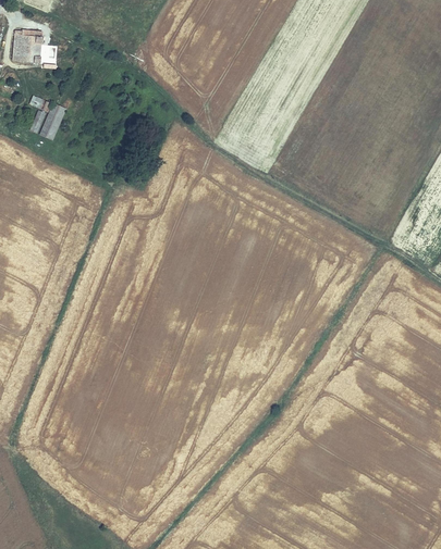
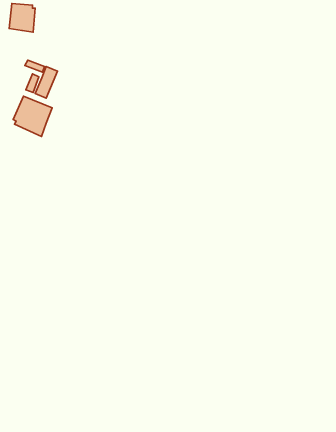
building: none -> [13,96,52,136]

